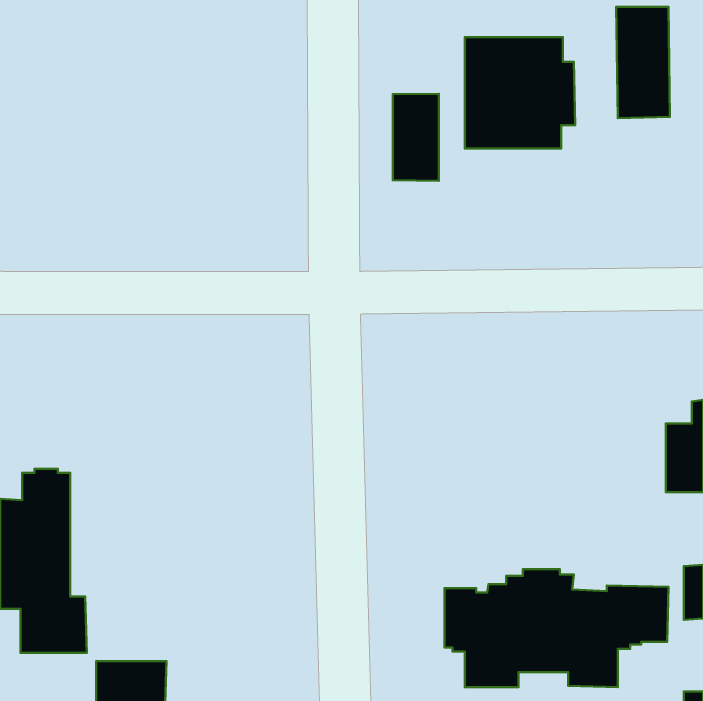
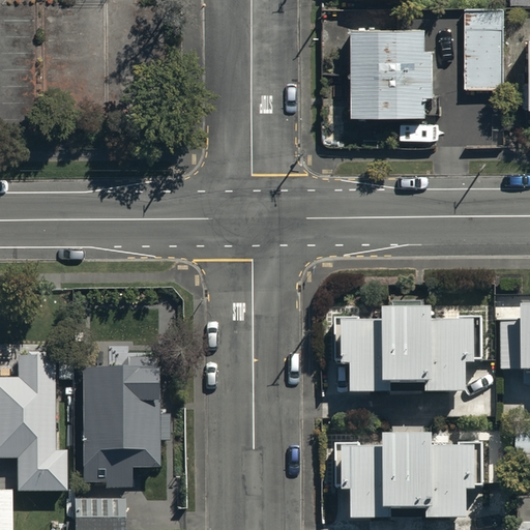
building: [393,94,439,181] -> none
building: none -> [333,302,482,394]
building: none -> [82,354,167,489]

